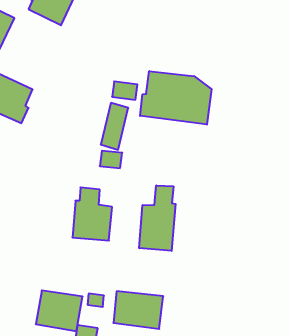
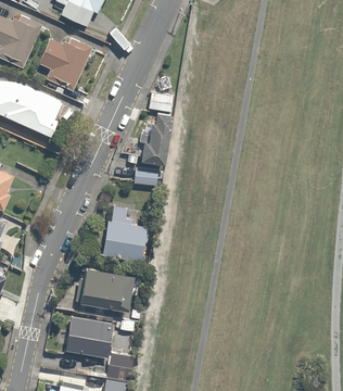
building: none -> [38,35,92,88]
building: [140,71,212,125] -> none
building: [139,185,176,251] -> none
building: [113,291,163,329] -> [79,270,132,311]

